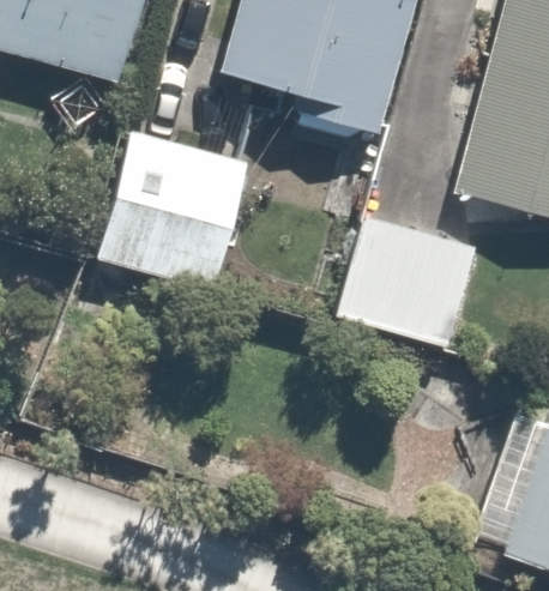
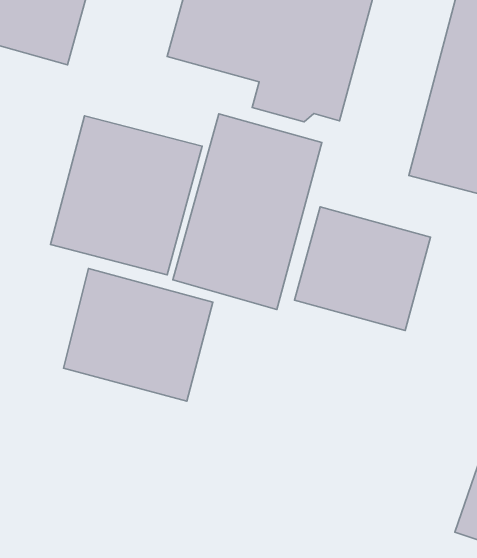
building: none -> [173,114,322,309]
building: none -> [64,269,213,401]

